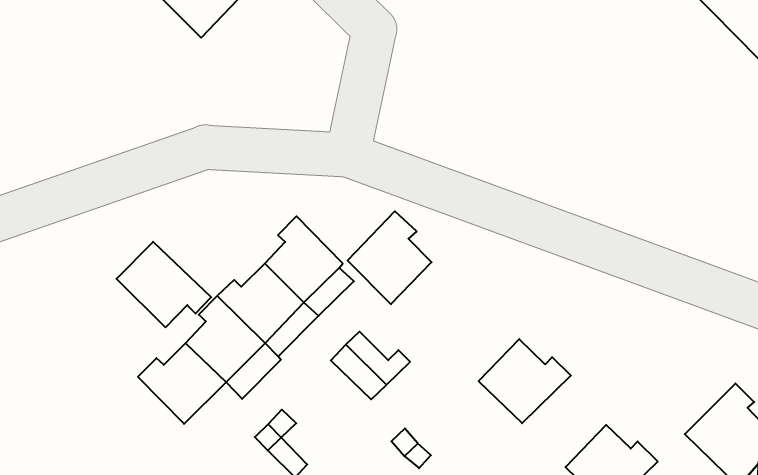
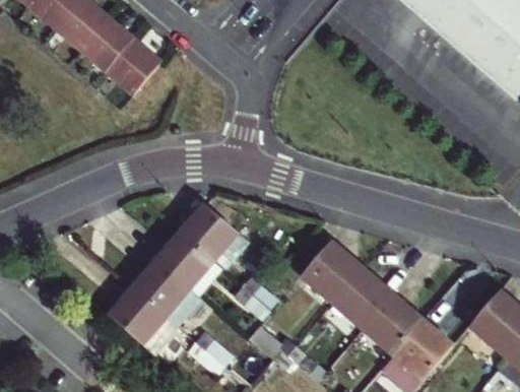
building: [348,211,432,304] -> [301,241,355,302]
building: [116,242,211,327] -> none
building: none -> [362,293,416,353]

